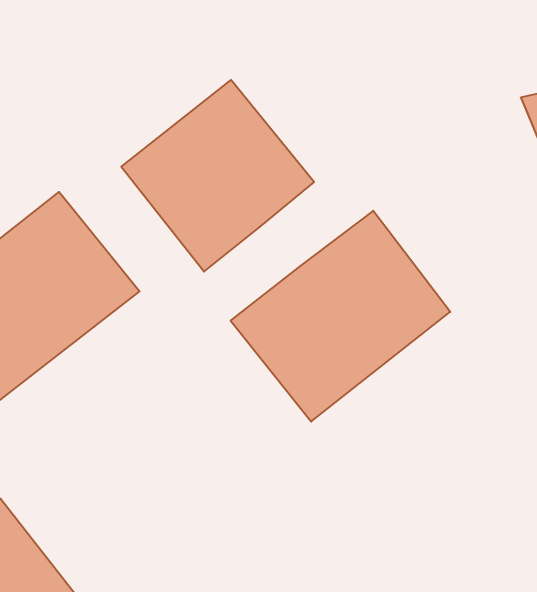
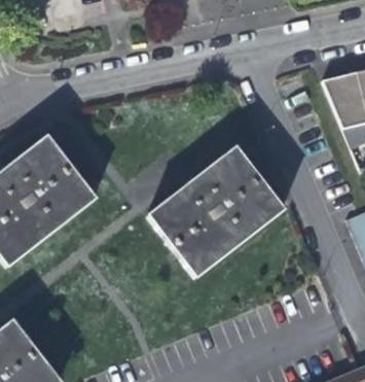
building: [121,80,314,272] -> none

